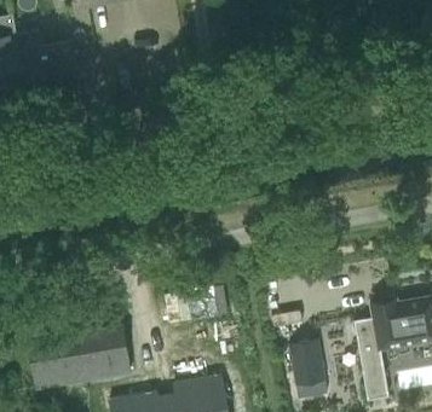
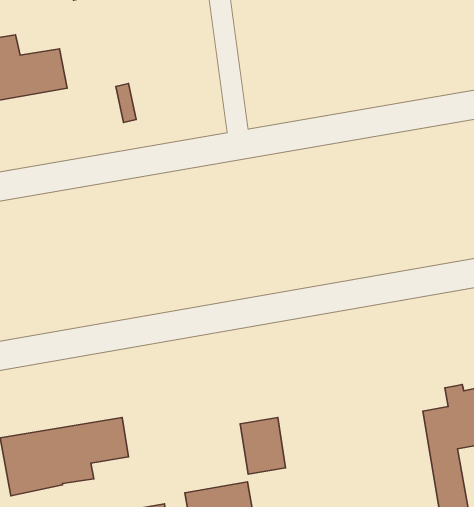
building: [292,340,327,383] -> [240,418,286,474]

